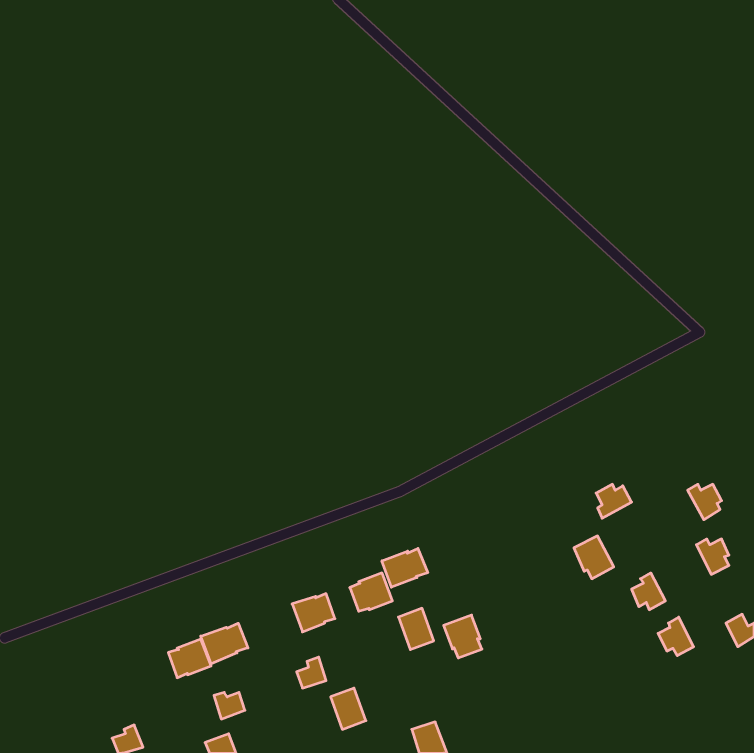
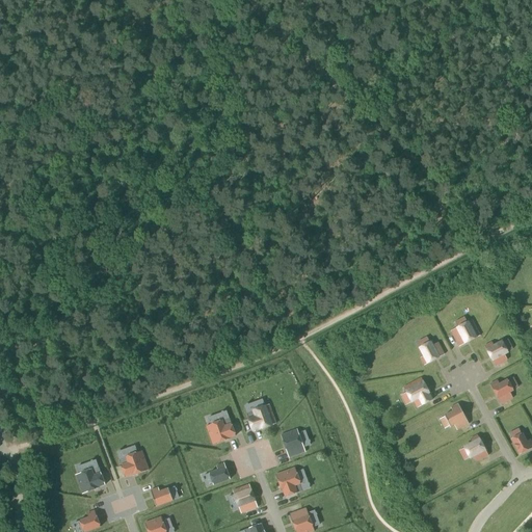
building: none -> [451,319,480,346]
building: [382,548,428,587] -> none
building: [444,615,482,658] -> [275,467,302,497]
building: [201,623,248,664] -> none
building: none -> [76,468,105,494]

